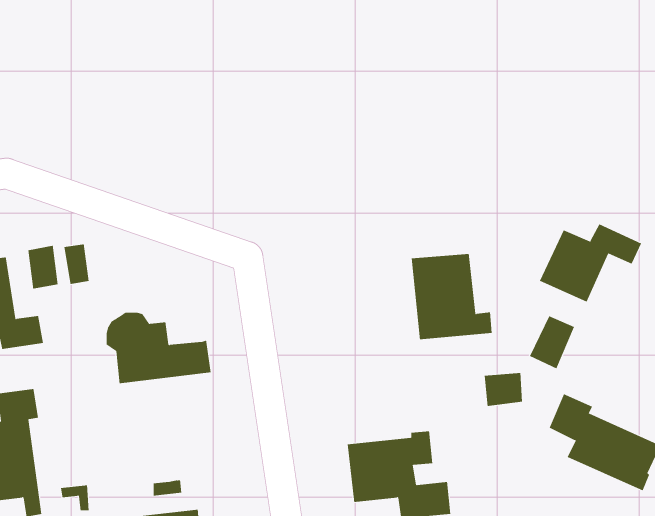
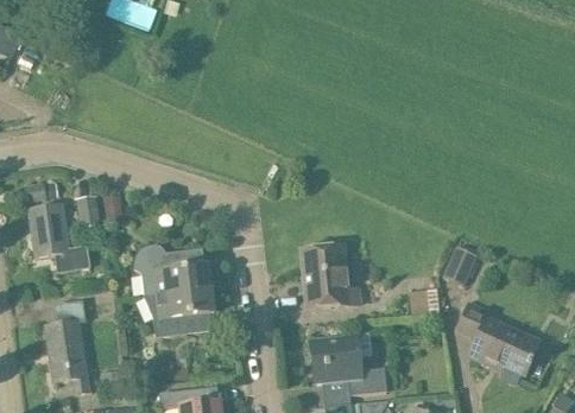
building: [539,224,642,302] -> none
building: [411,253,492,340] -> [301,246,360,309]
building: none -> [144,288,214,337]

